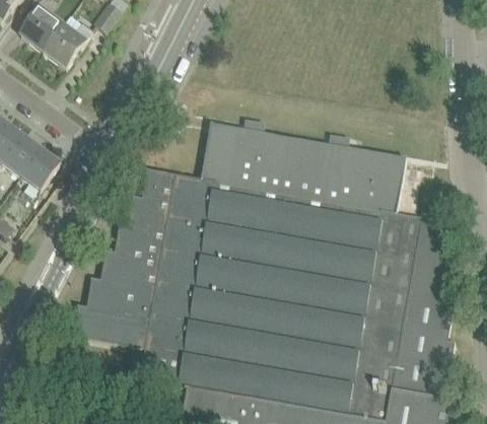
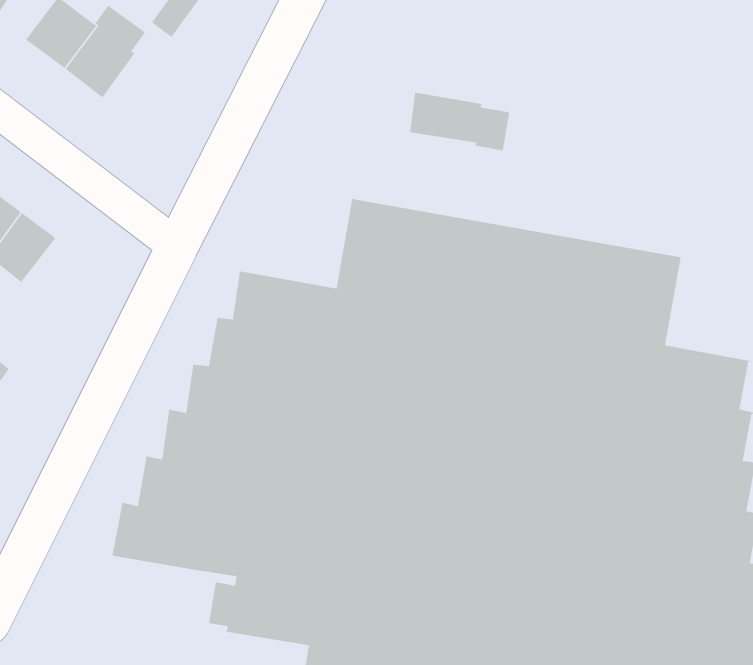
building: none -> [409,92,510,151]
building: [17,147,57,188] -> none

